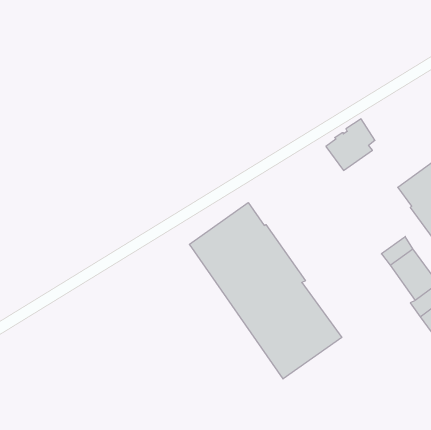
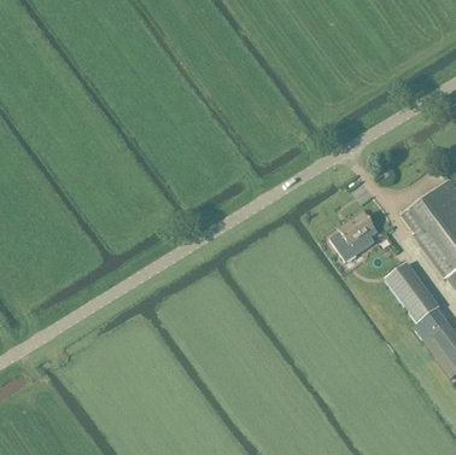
building: [326,119,375,170] -> [329,210,376,259]
building: [189,203,342,379] -> none

